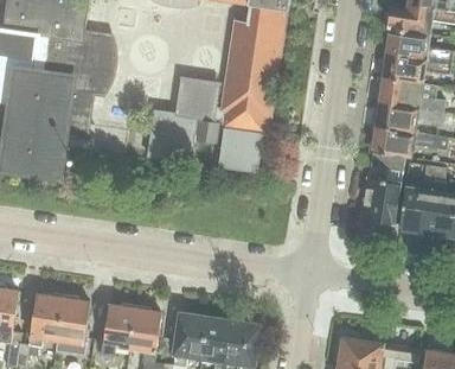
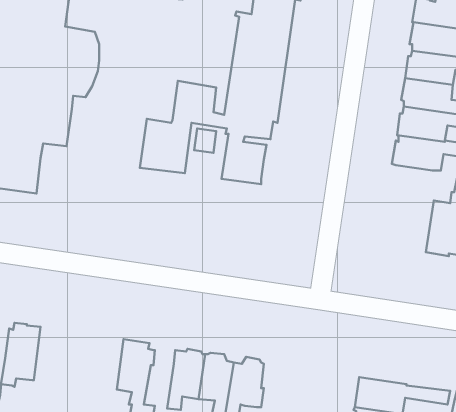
building: [361,153,404,229] -> none
building: [57,294,90,352] -> none
building: [100,301,135,357] -> none

